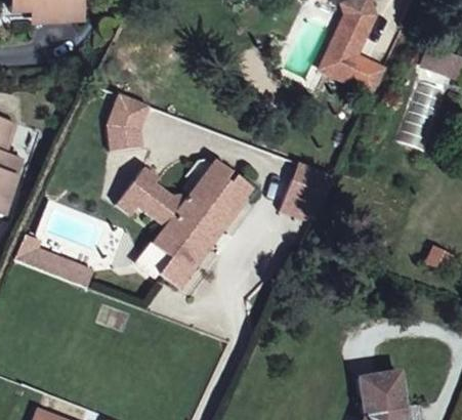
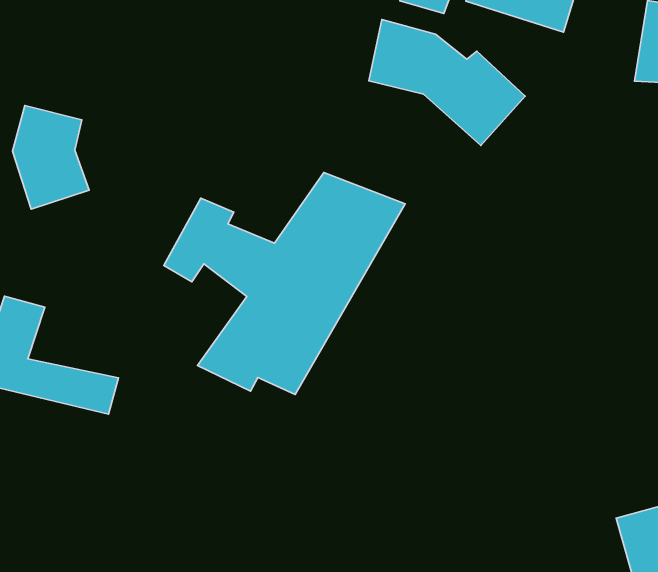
building: none -> [369,19,525,145]
building: [109,88,150,146] -> [12,105,89,209]

